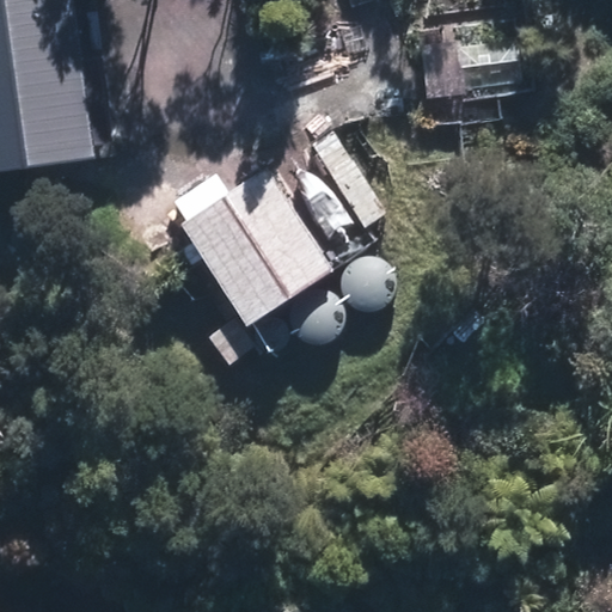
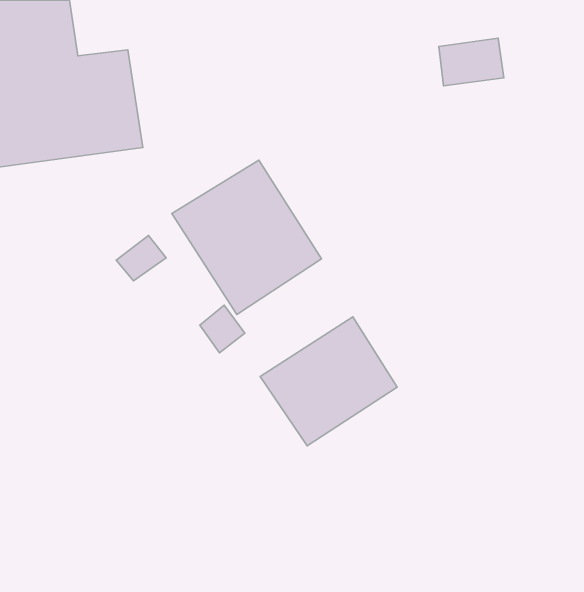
building: none -> [260,317,397,446]

